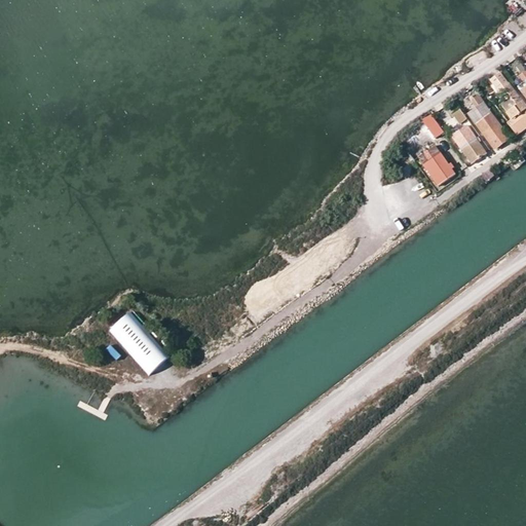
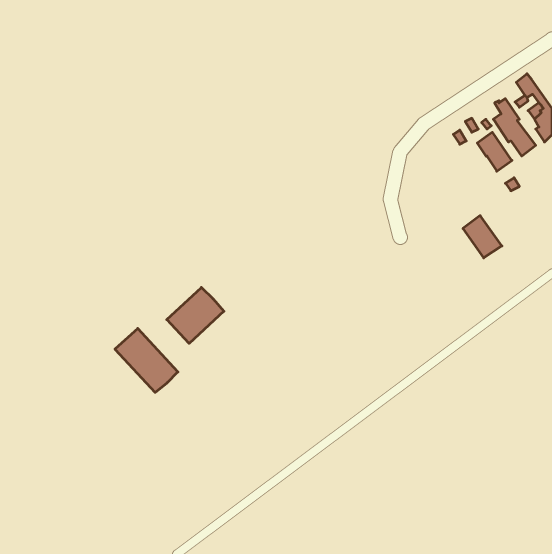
building: [417,145,454,185] -> [463,216,502,258]
building: none -> [167,287,224,343]

